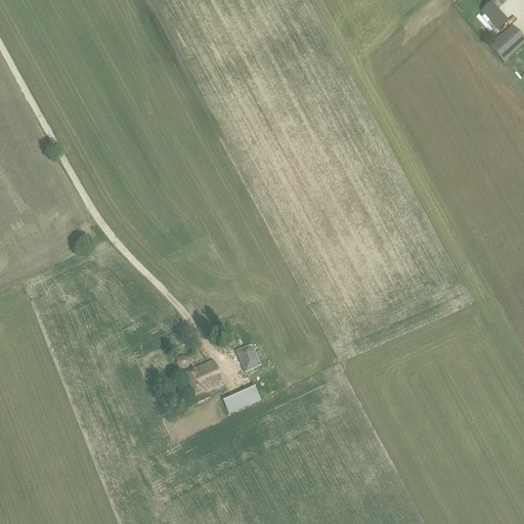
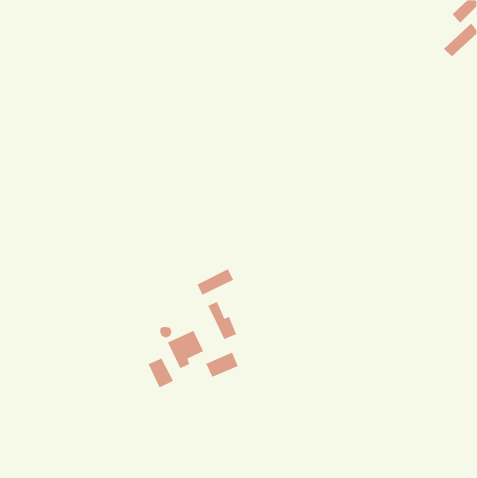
building: none -> [196,268,234,296]
building: none -> [147,357,174,388]

